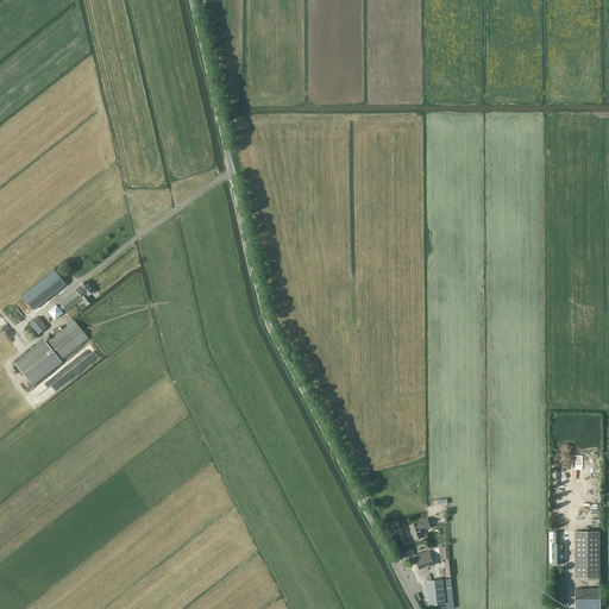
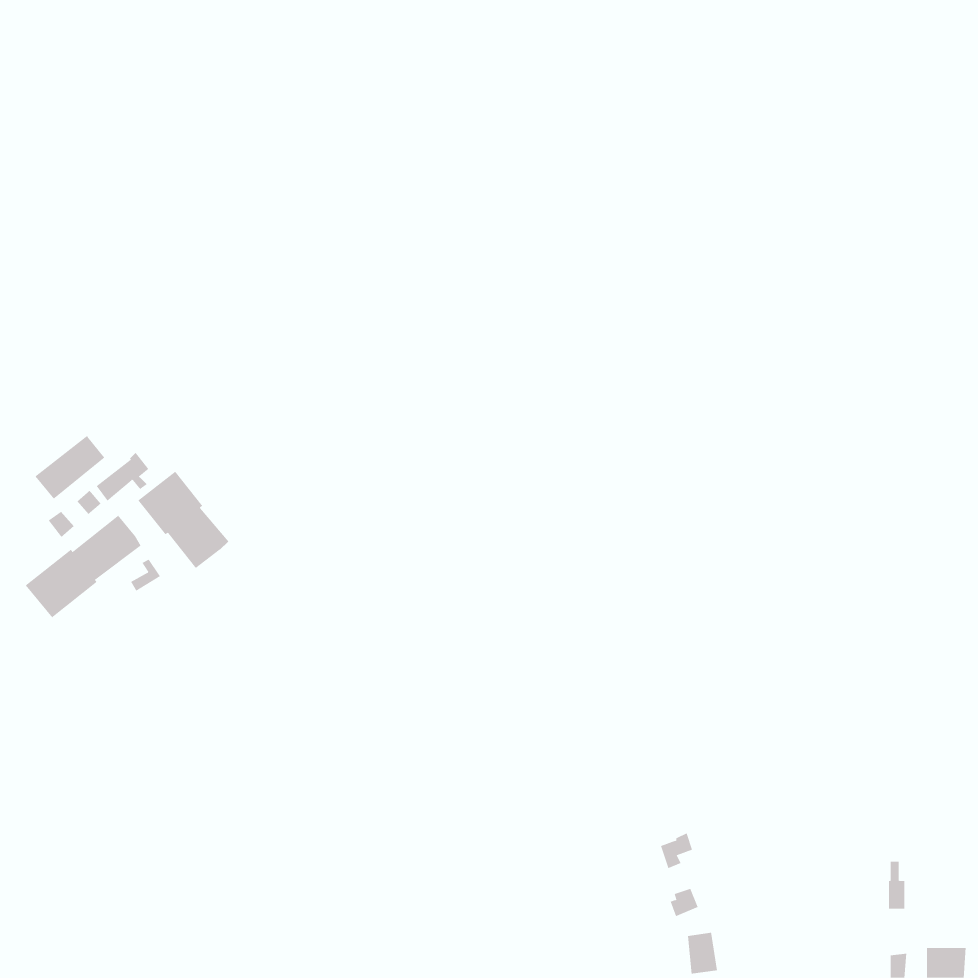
building: none -> [137,471,229,569]
building: [575,532,599,578] -> none

